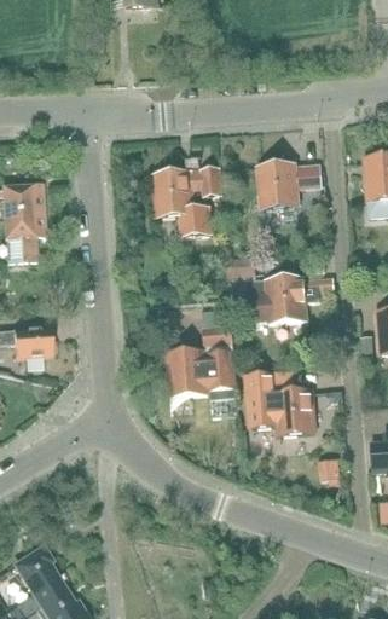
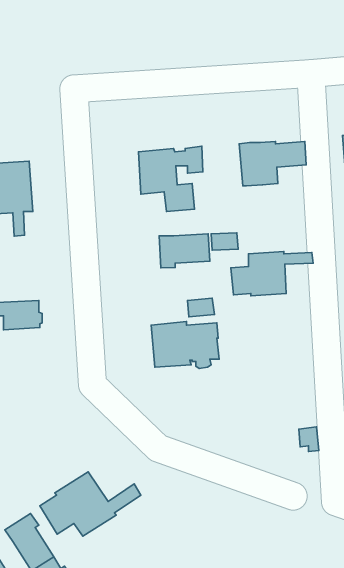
building: none -> [159,234,210,268]
building: [244,370,314,434] -> none
building: none -> [40,472,141,536]

